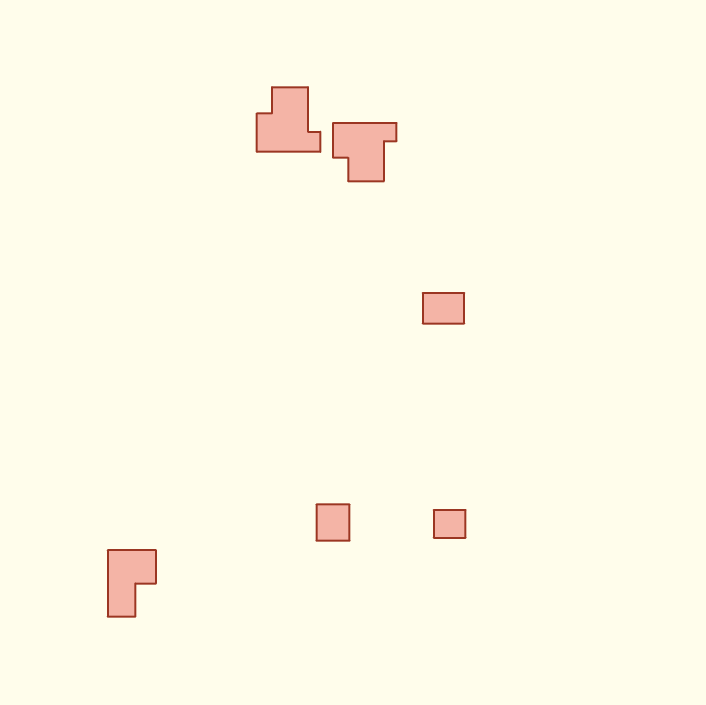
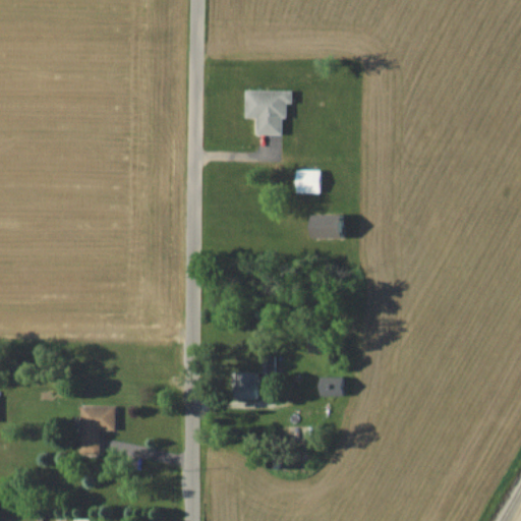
building: [257,87,320,152] -> none
building: none -> [297,172,320,193]

